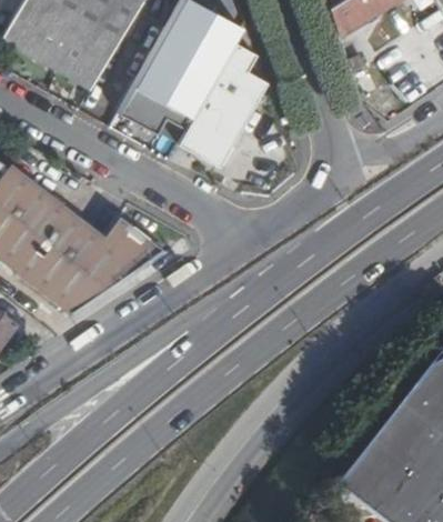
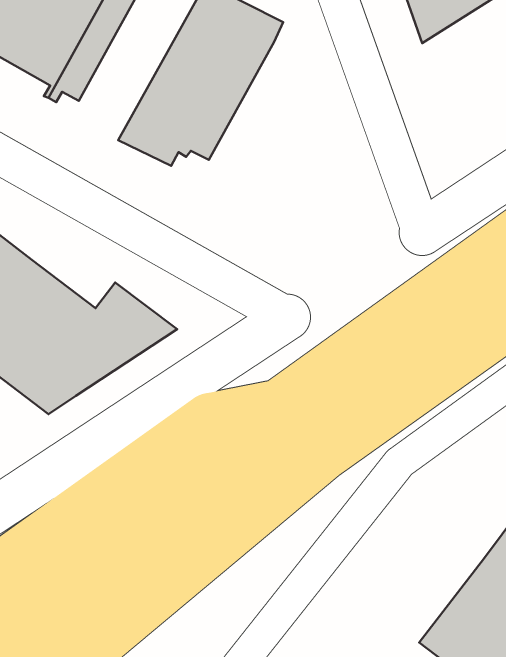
building: [178,40,269,167] -> none

